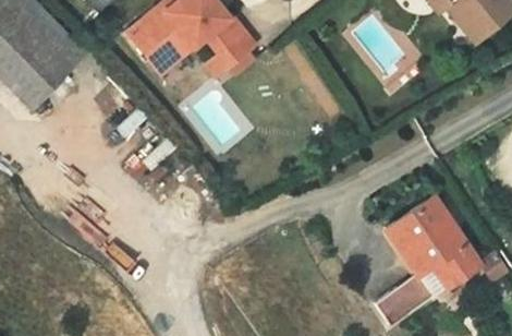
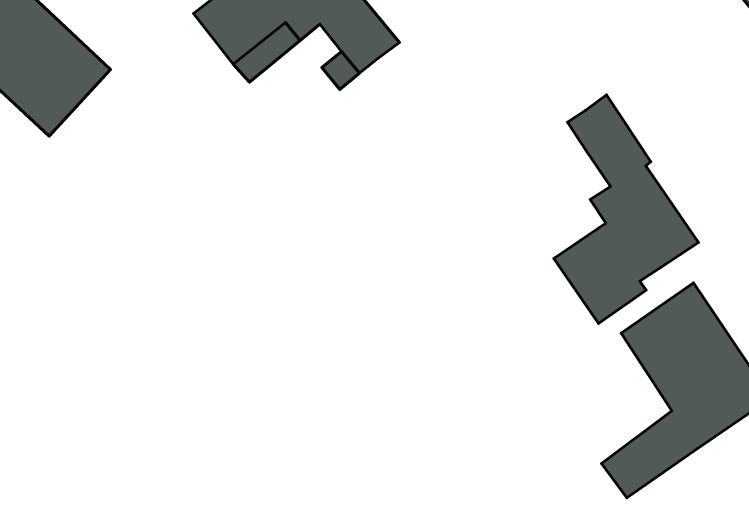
building: none -> [554,95,699,324]

